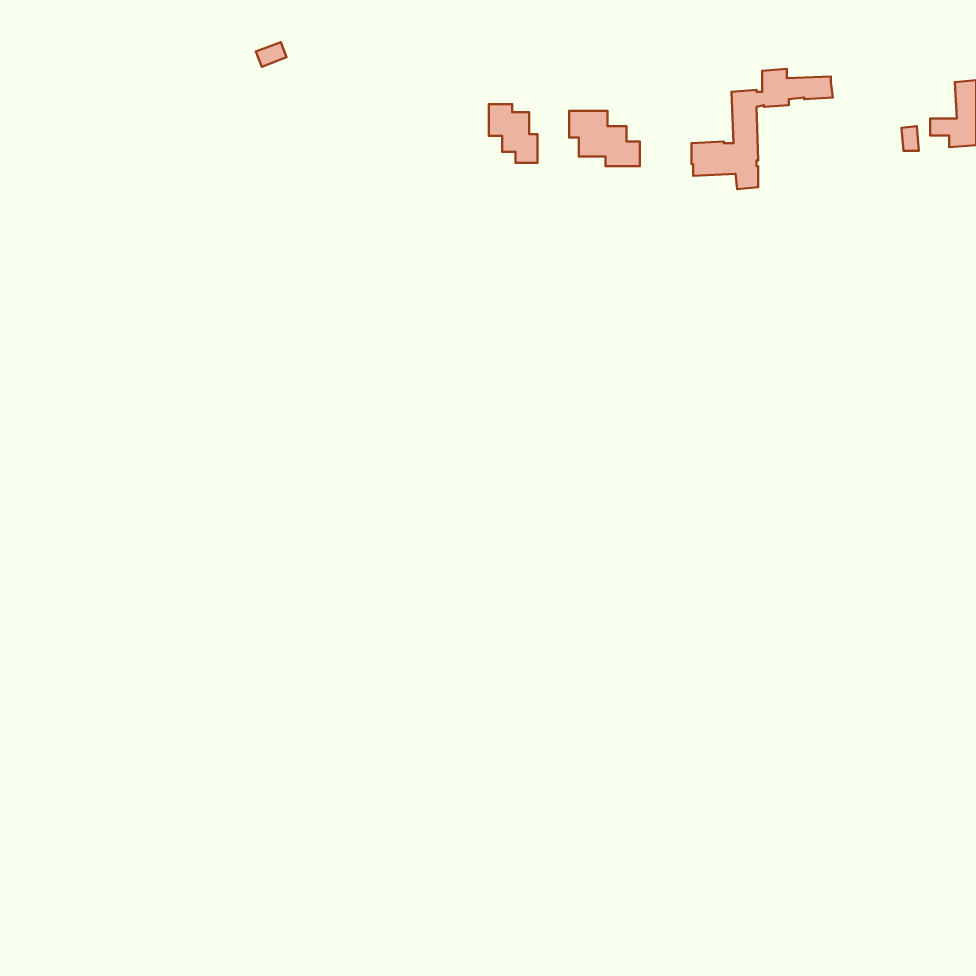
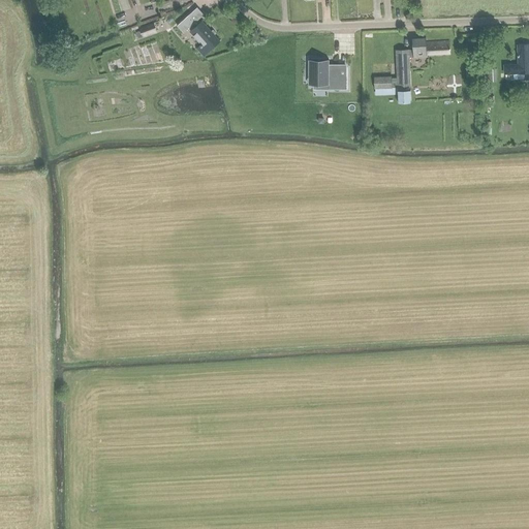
building: none -> [177,8,219,55]
building: [489,104,538,163] -> none

